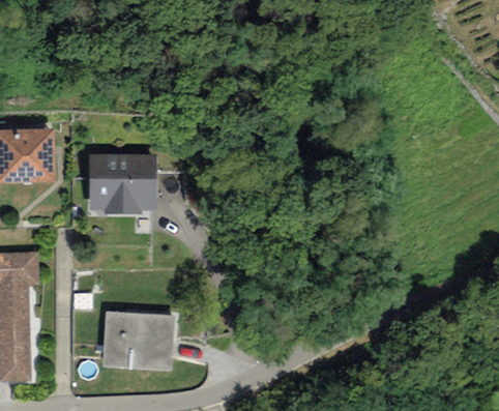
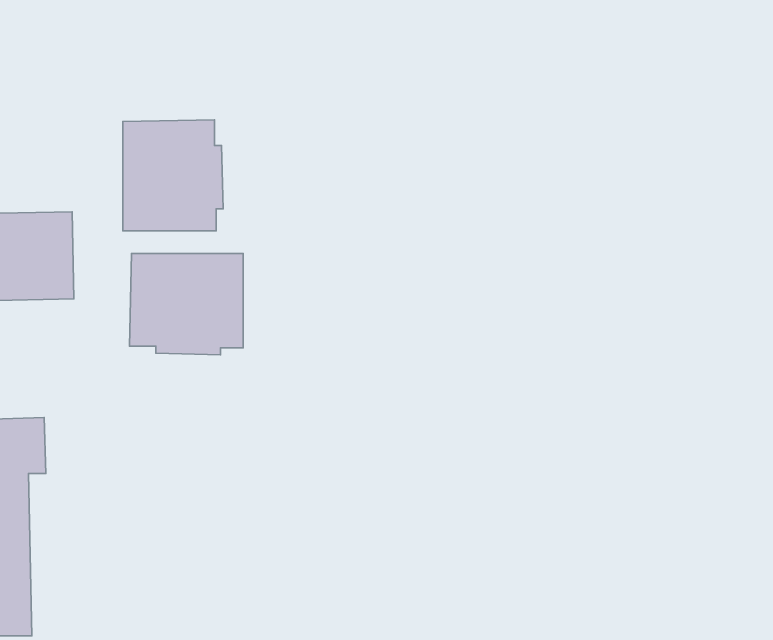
building: none -> [123,120,223,231]
building: [102,311,174,370] -> none

